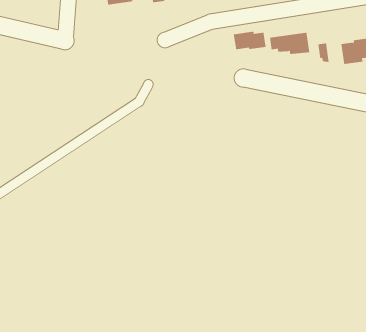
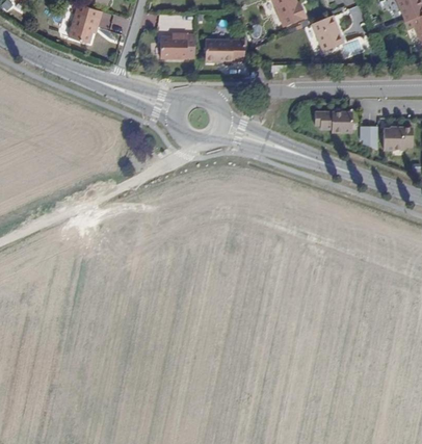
building: [233,31,266,50] -> none

